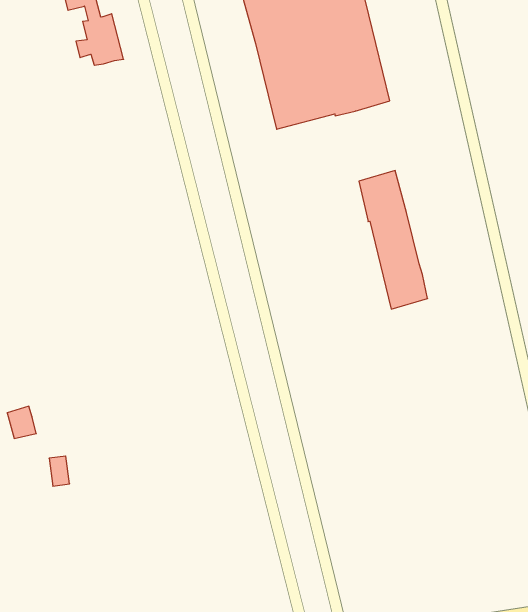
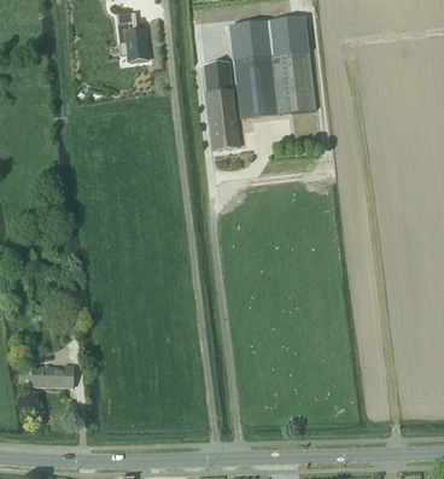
building: [359,171,428,309] -> [204,62,238,150]
building: none -> [31,366,74,387]

